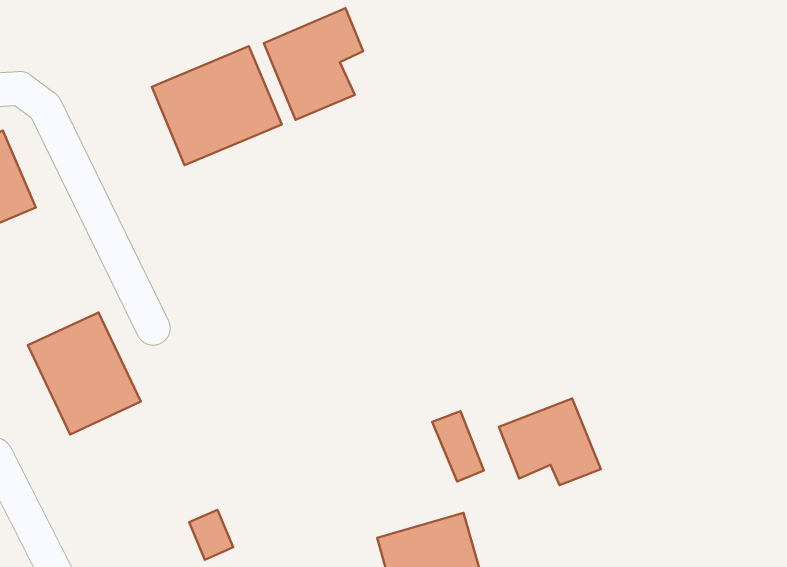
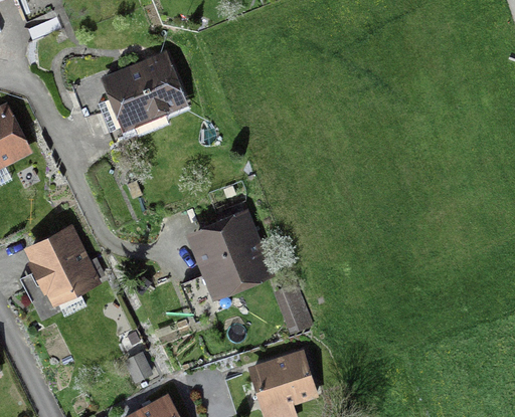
building: [264,8,363,120] -> none
building: none -> [187,210,271,298]
building: [499,398,601,485] -> none

